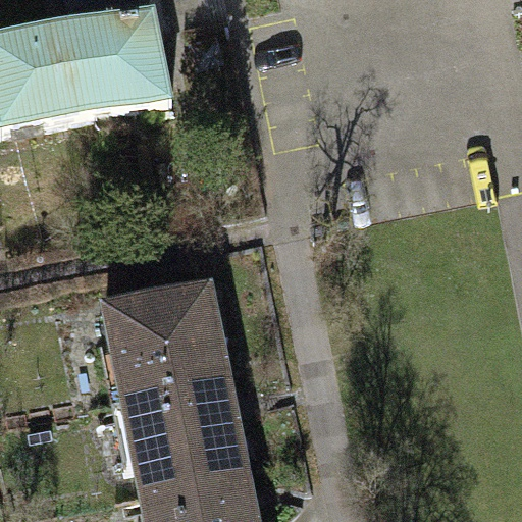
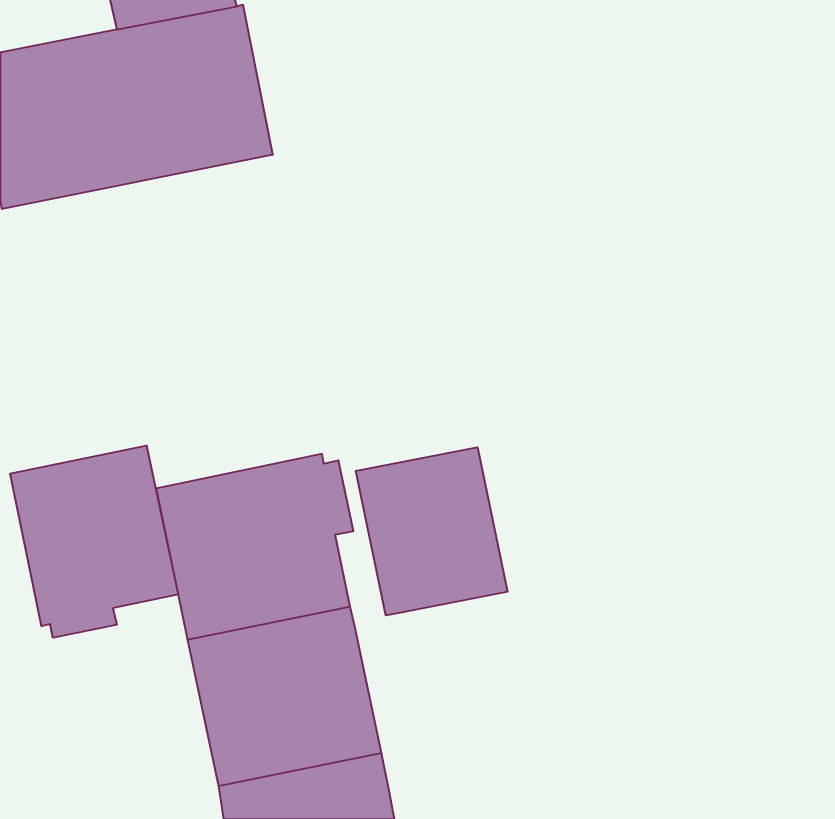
building: none -> [10,445,178,638]
building: none -> [356,447,507,615]

